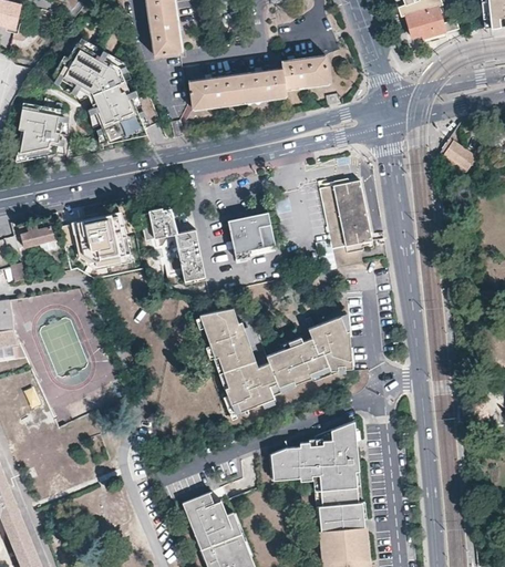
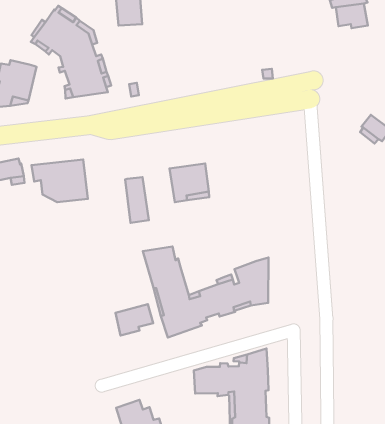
building: [187,55,328,109] -> none
building: [320,181,372,270] -> none
building: [140,207,176,240] -> none
building: none -> [116,304,153,335]

